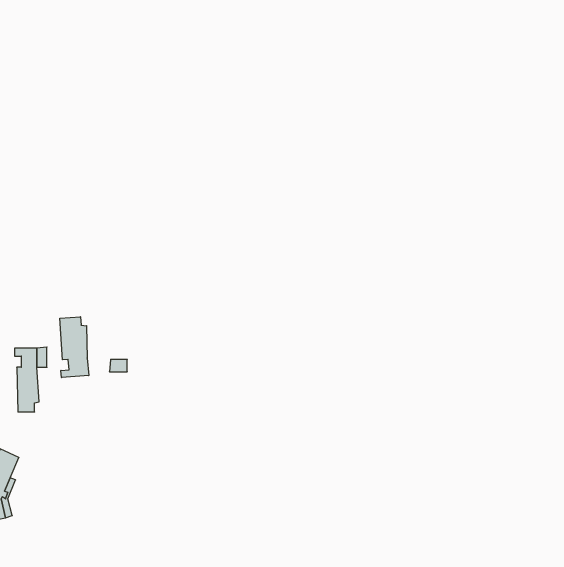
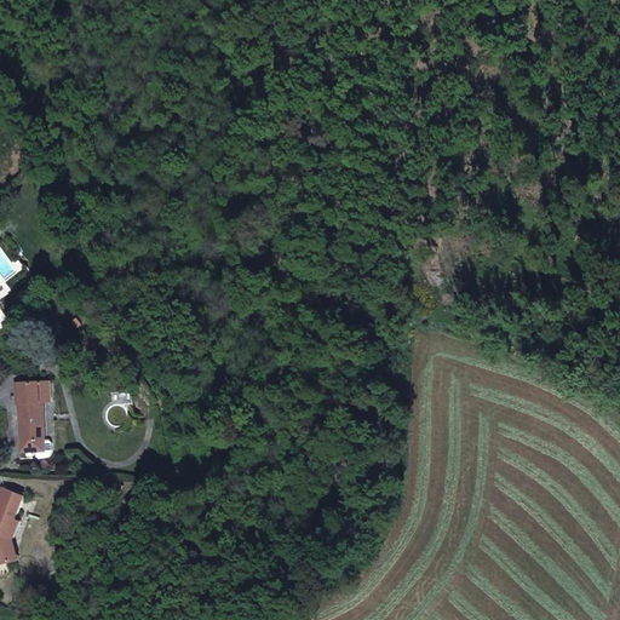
building: [60,317,89,378] -> none

